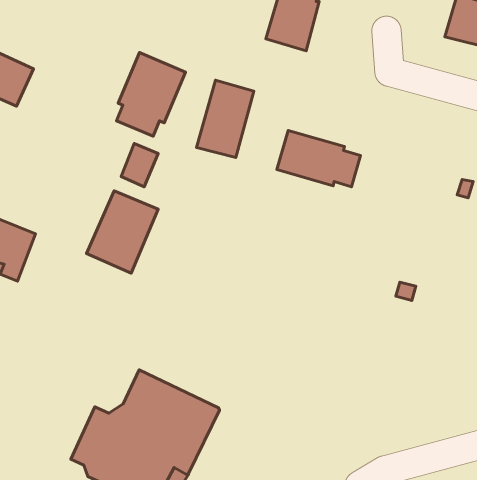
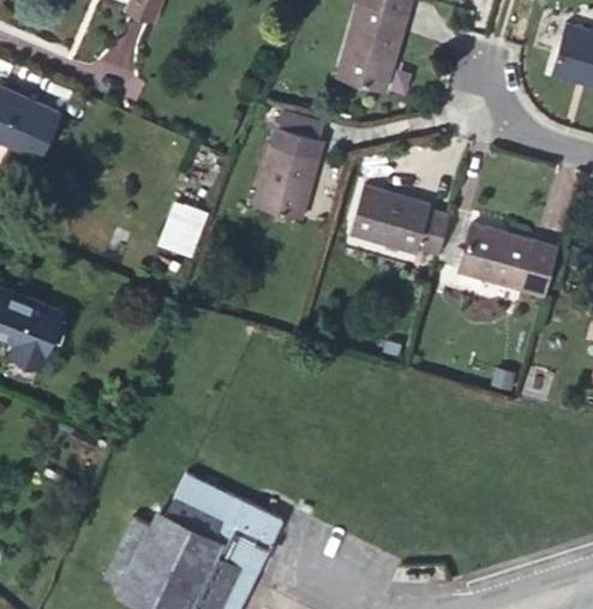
building: [116,53,185,136] -> none
building: none -> [459,225,558,295]
building: [87,191,158,273] -> none

